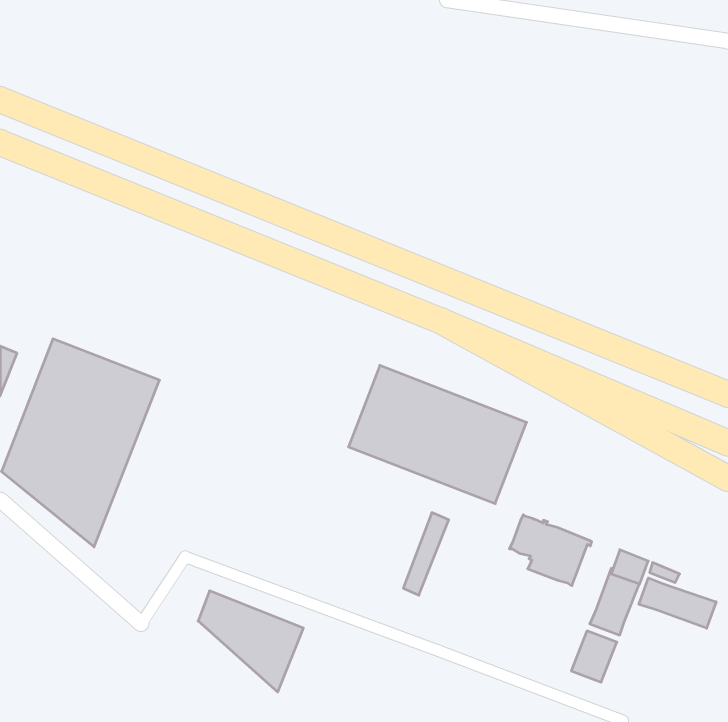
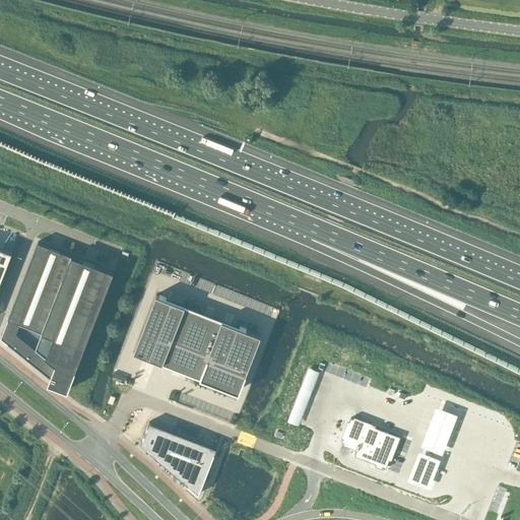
building: [348,365,527,504] -> [134,298,261,396]
building: [509,515,592,586] -> [341,420,400,471]
building: [639,578,716,628] -> none

